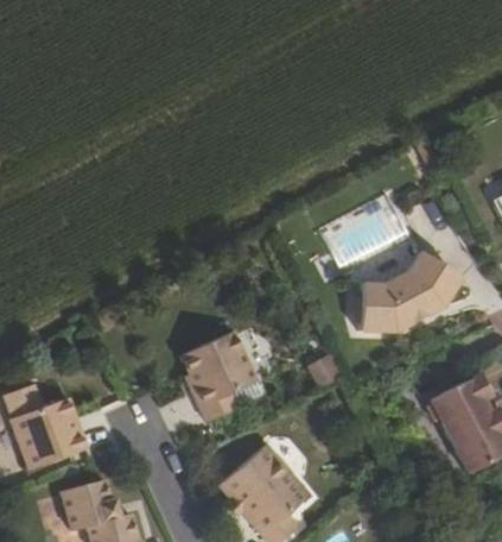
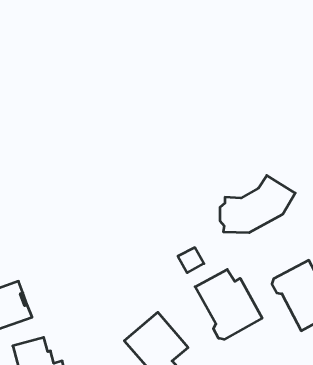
building: [182,333,256,423] -> none
building: none -> [195,269,262,339]

